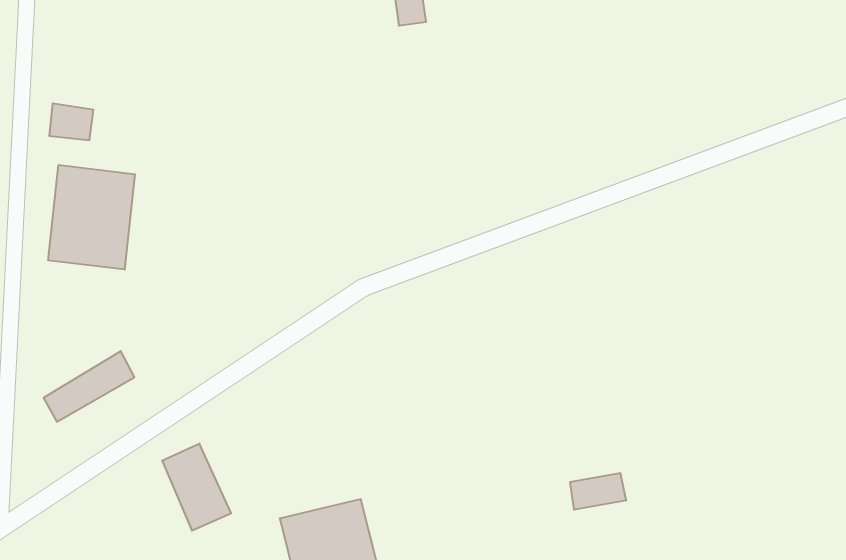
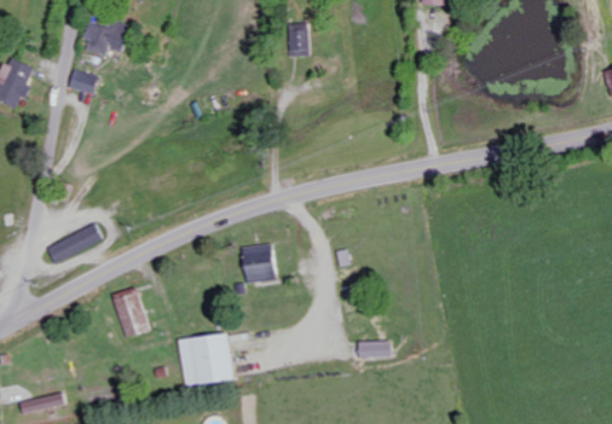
building: none -> [82,14,131,56]
building: [48,165,135,270] -> none
building: none -> [241,244,276,284]

